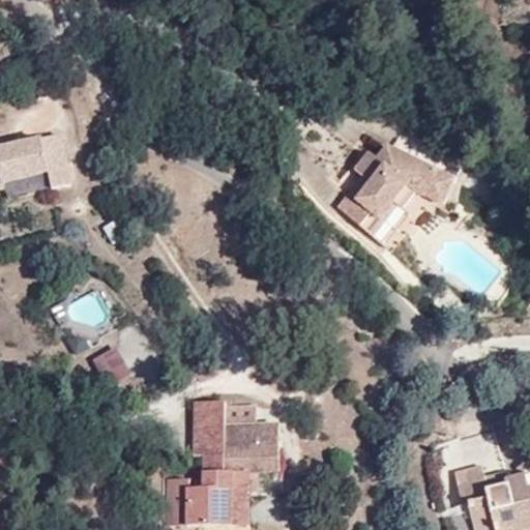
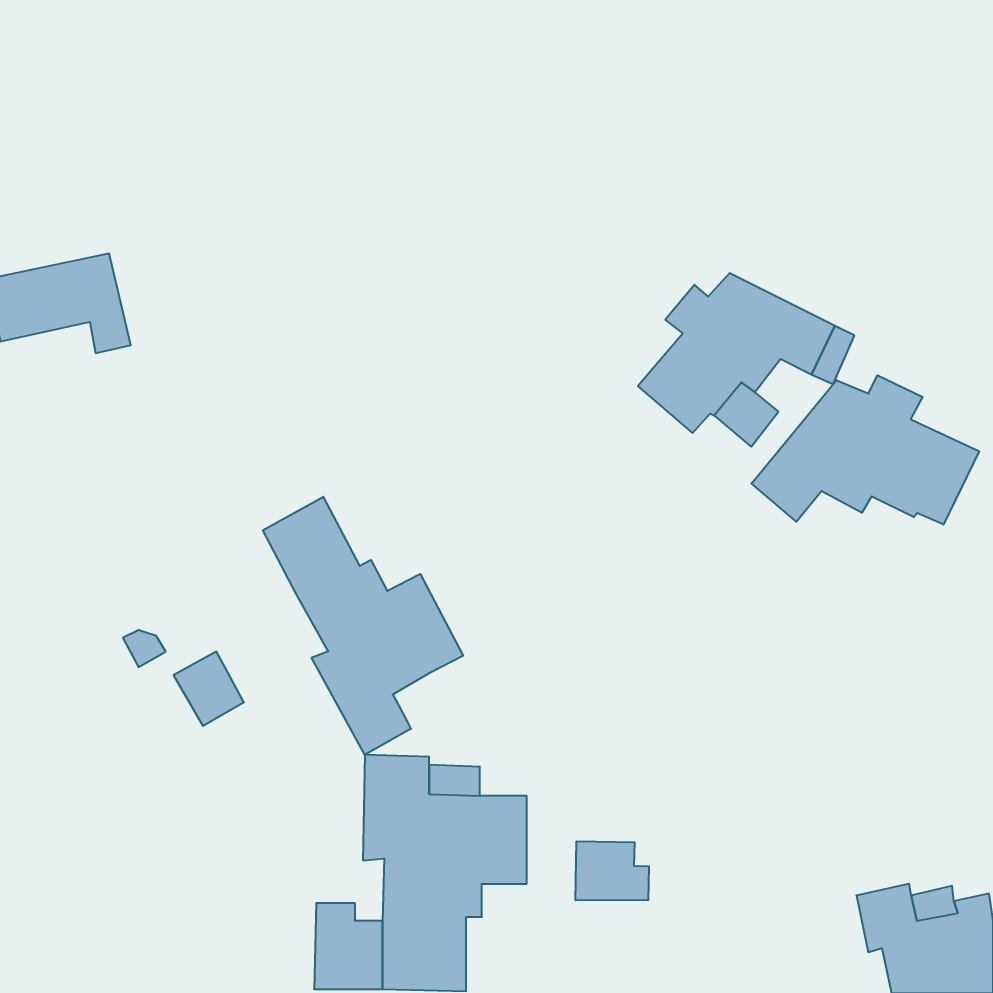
building: none -> [751,375,979,525]
building: none -> [263,497,463,755]
building: none -> [576,841,649,900]

